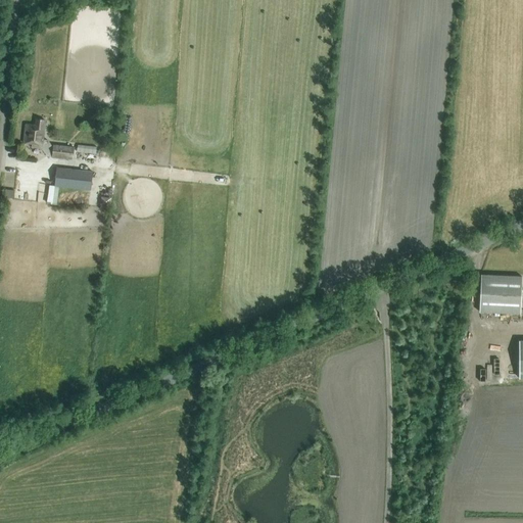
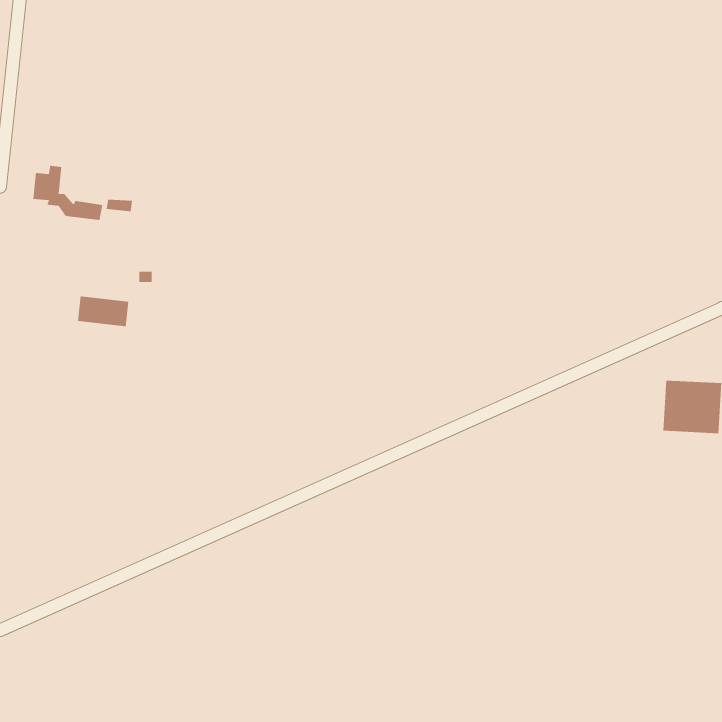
building: [54,168,92,190] -> [77,296,129,327]

